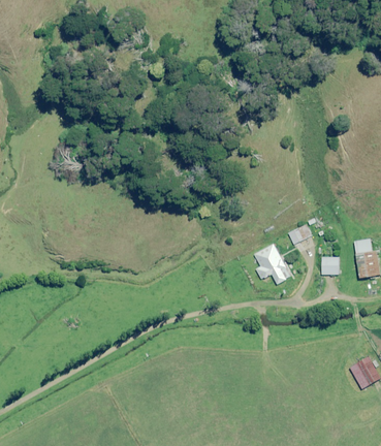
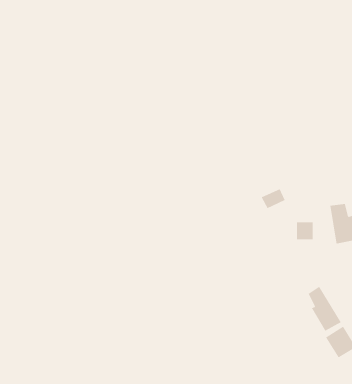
building: [255,244,293,284] -> none
building: none -> [308,286,341,331]

